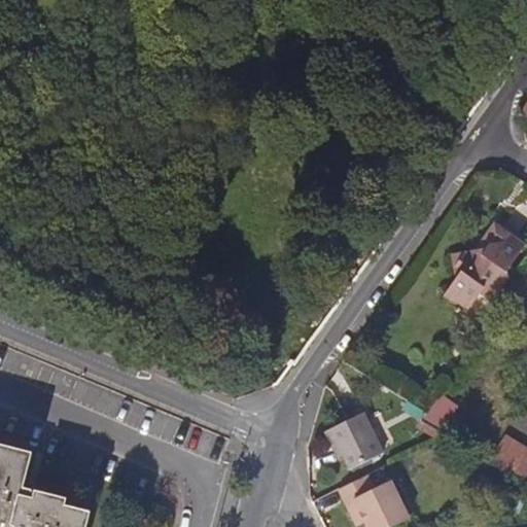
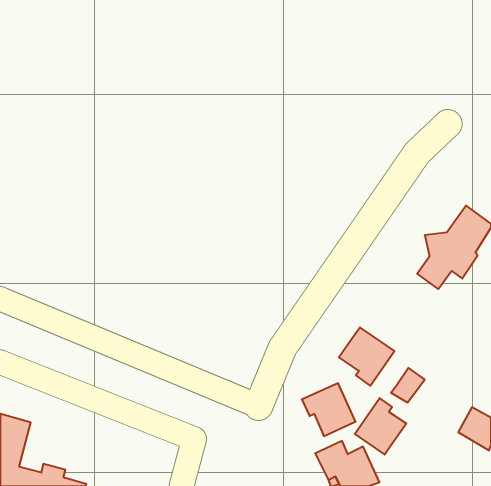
building: none -> [339,327,394,386]
building: none -> [355,398,406,455]

